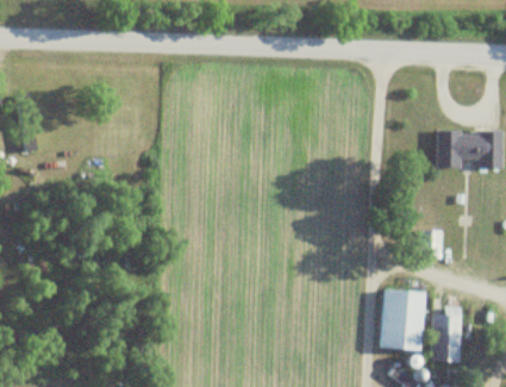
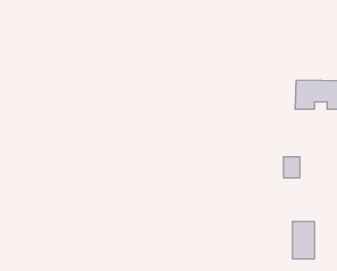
building: [381,288,424,350] -> none

